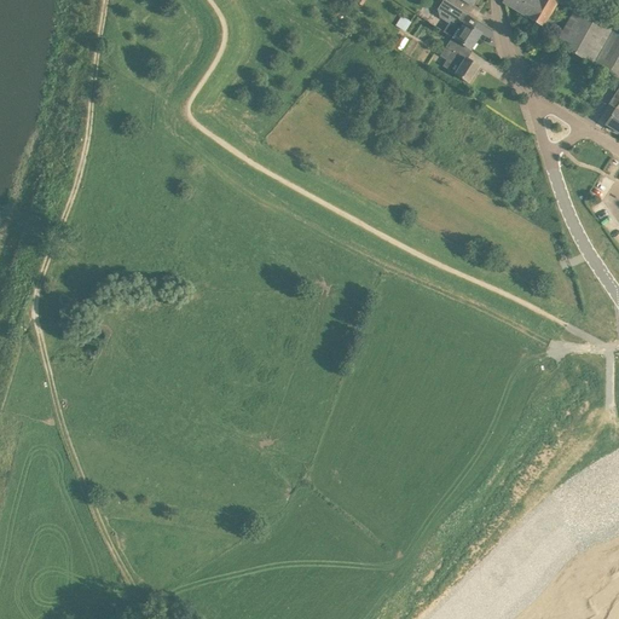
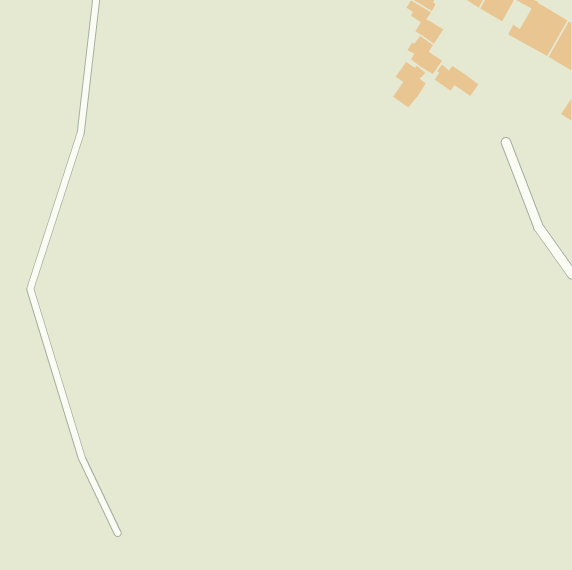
building: none -> [392,61,427,108]
building: none -> [434,64,479,97]

